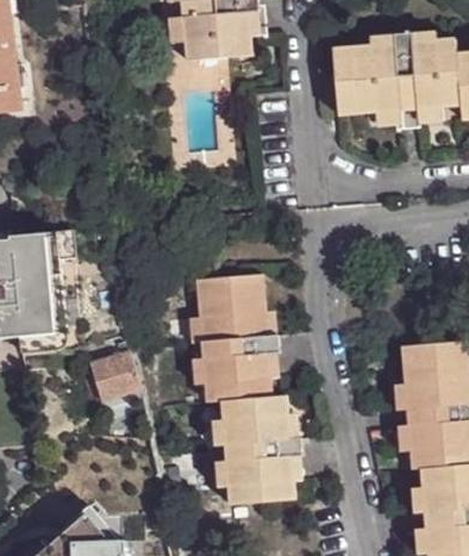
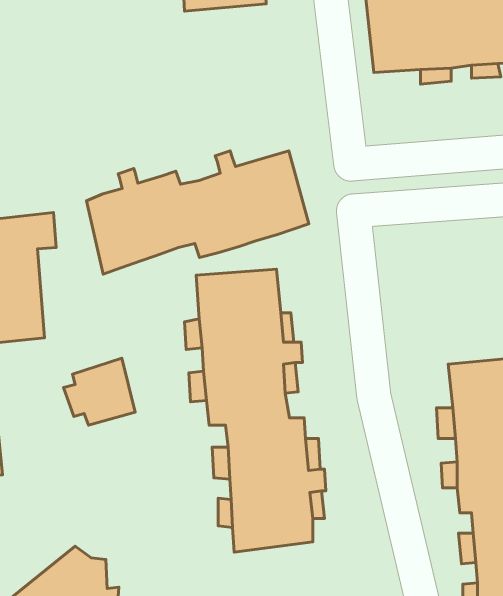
building: none -> [86,151,309,274]

